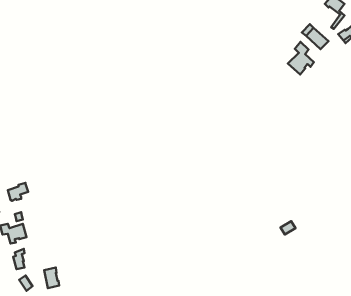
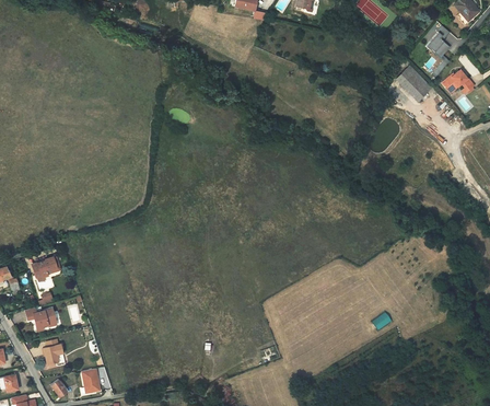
building: [288,42,314,74] -> none

